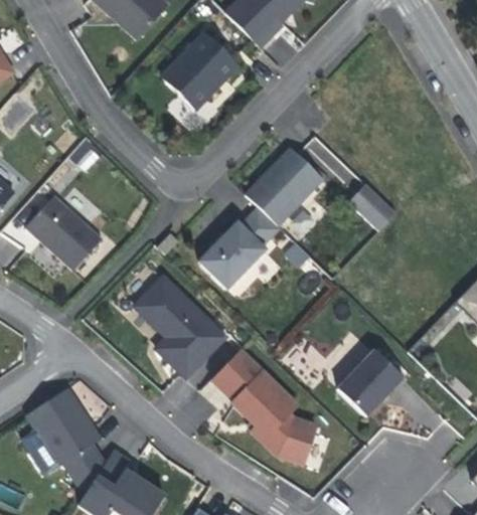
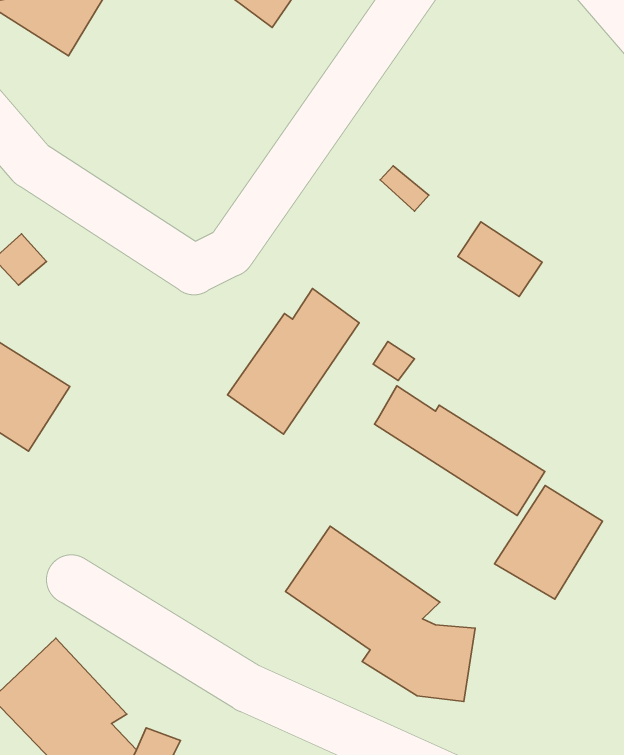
building: [160,31,241,111] -> none
building: [243,142,328,226] -> none
building: none -> [375,386,545,516]
building: [134,275,226,377] -> none

